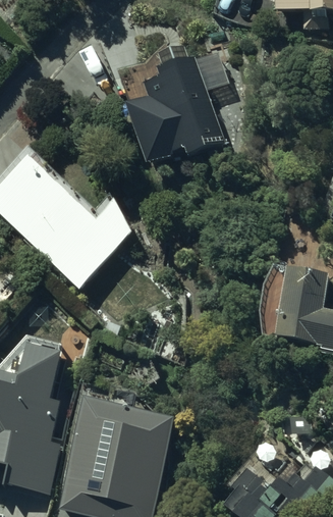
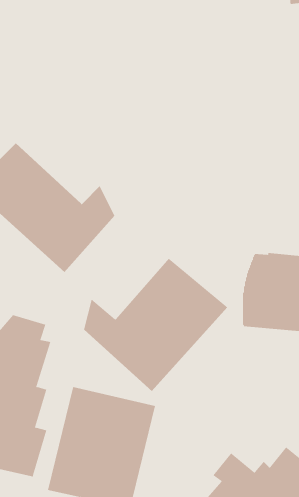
building: [119,39,236,168] -> none
building: none -> [84,258,228,392]

